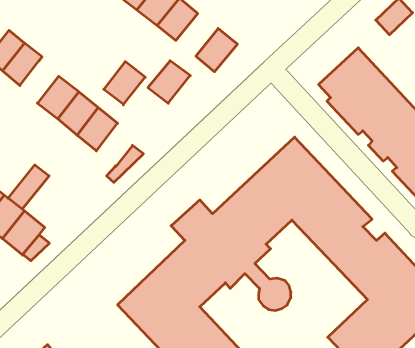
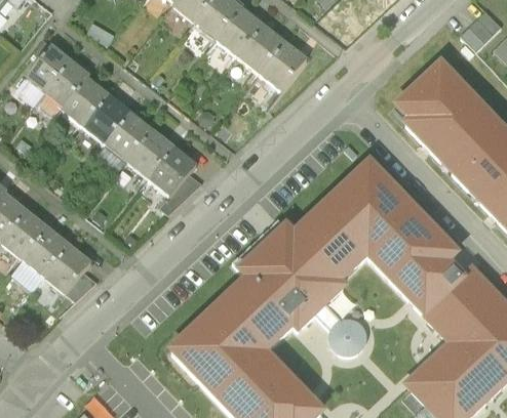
building: none -> [62,78,107,125]
building: [148,61,190,103] -> [237,26,284,73]
building: [104,62,145,105] -> [149,148,195,196]
building: [8,165,49,209] -> none

